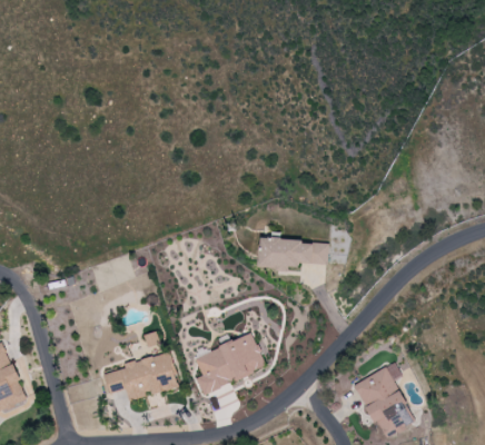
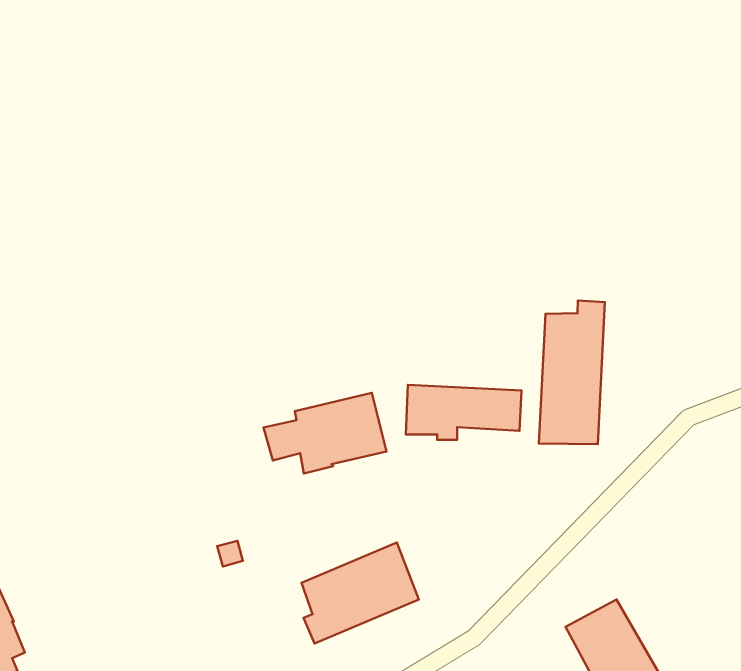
building: none -> [539,301,605,444]
building: [103,352,178,400] -> [264,393,386,473]

